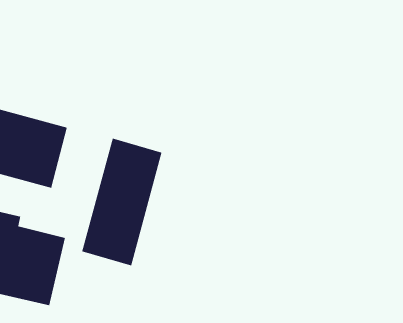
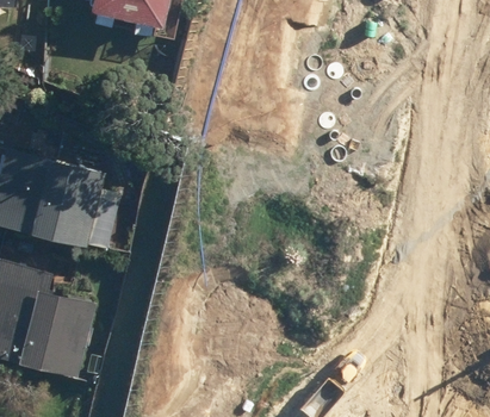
building: [81,138,163,267] -> none

